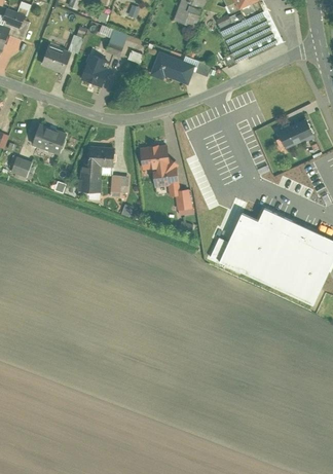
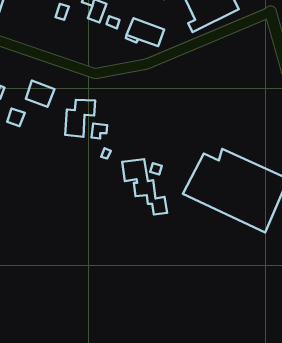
building: [40,47,70,75] -> none
building: [80,57,107,88] -> none
building: [276,120,309,146] -> none
building: [139,143,191,208] -> [122,159,167,214]

